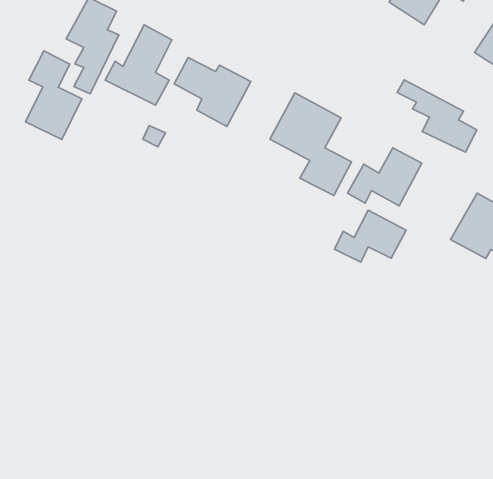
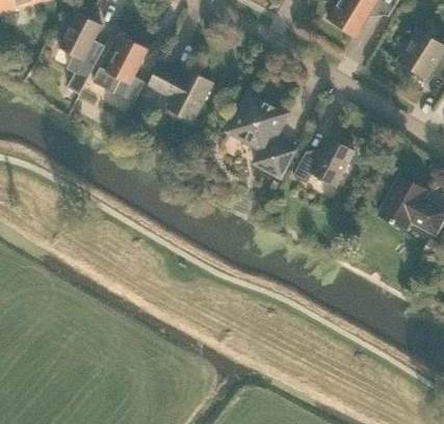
building: [25,51,82,140] -> none
building: [397,80,477,152] -> none
building: [334,210,406,262] -> none

